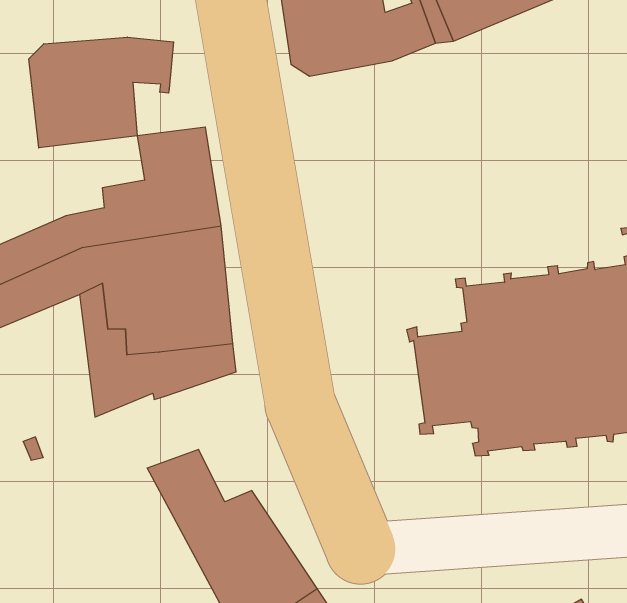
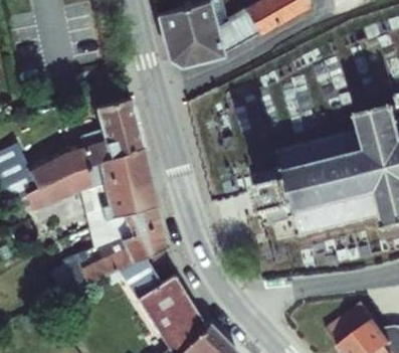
building: [29,37,174,148] -> none
building: none -> [68,213,173,288]

